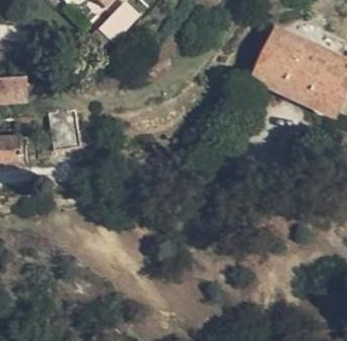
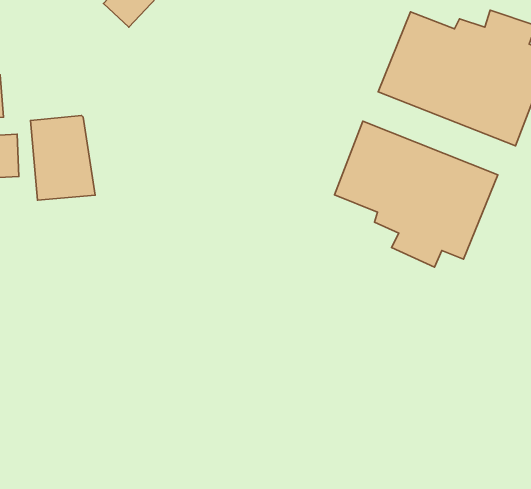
building: none -> [334,121,498,267]

